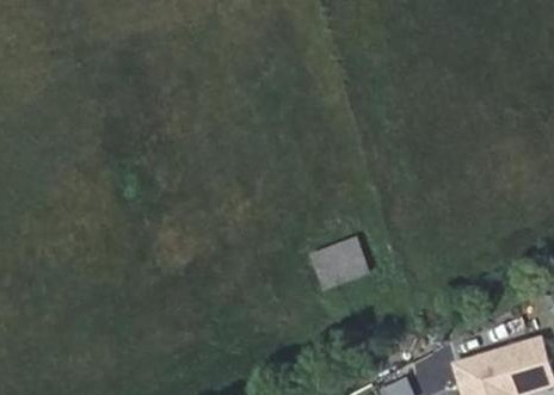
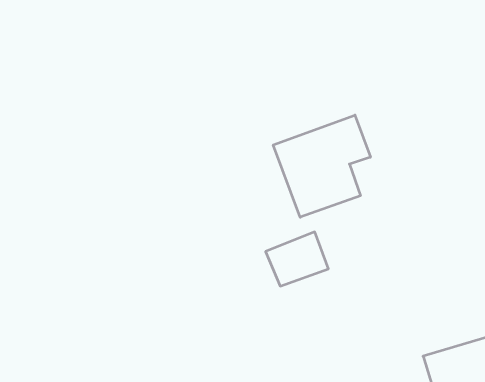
building: none -> [273,115,370,217]

